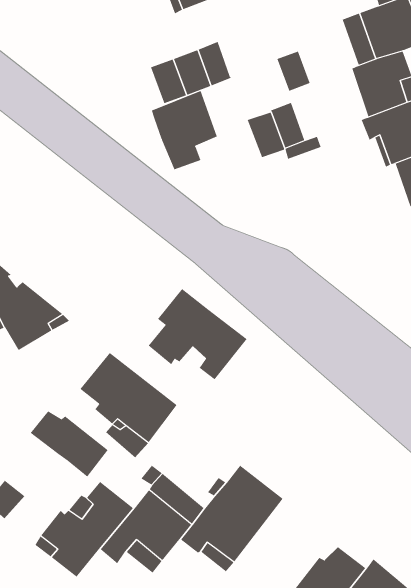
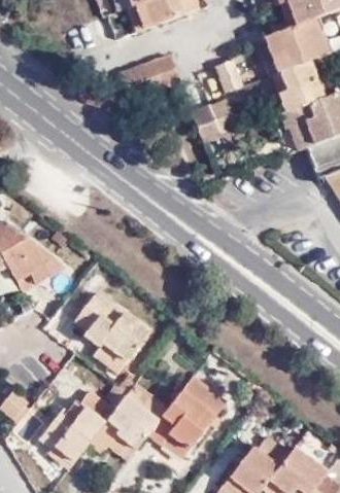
building: [151,90,218,170] -> none
building: [148,288,247,380] -> none
building: [30,411,108,478] -> none

